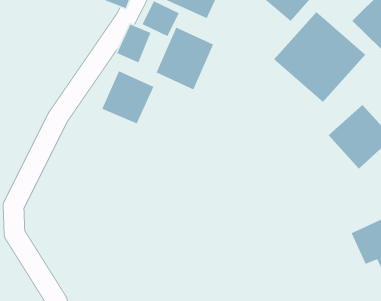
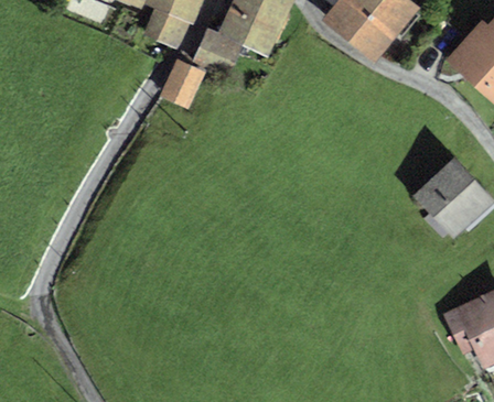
building: [273,11,366,103] -> none
building: [155,27,214,90] -> none
building: [101,70,154,124] -> none

